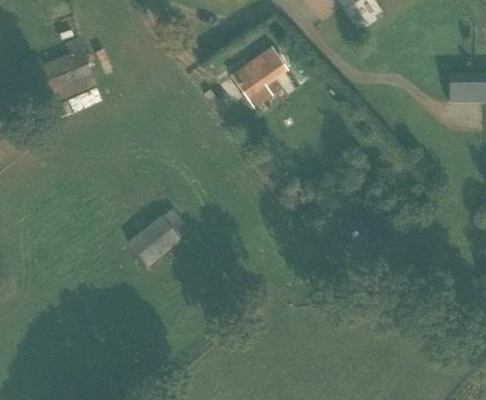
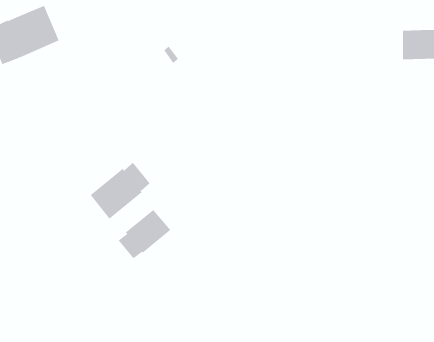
building: [230,47,286,108] -> none
building: none -> [118,209,171,259]

